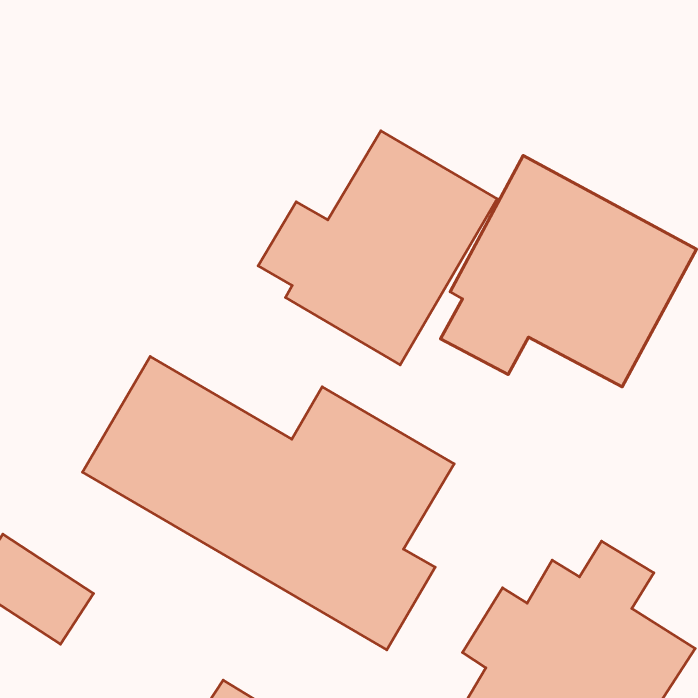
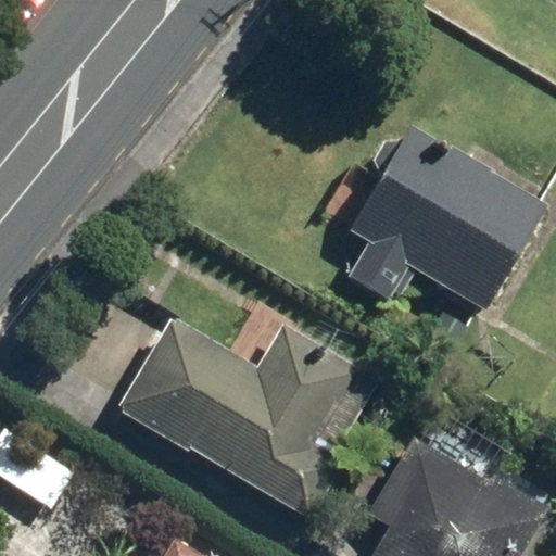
building: [258,131,497,365] -> none

